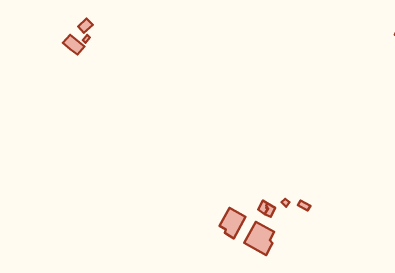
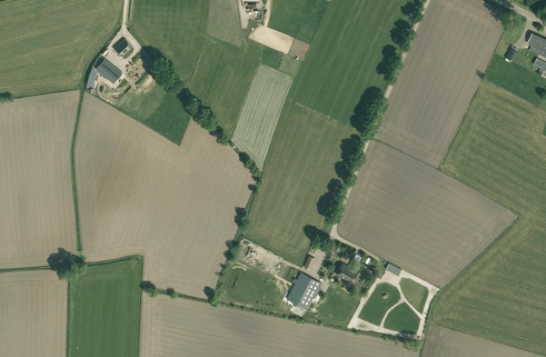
building: [244,222,274,255] -> none

